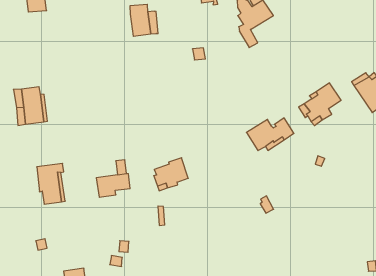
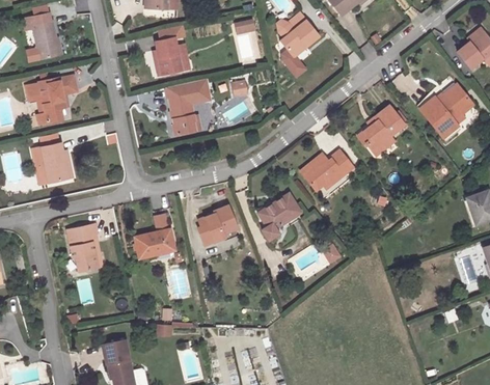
building: none -> [26,71,77,118]
building: none -> [165,77,209,134]
building: none -> [256,195,298,241]

